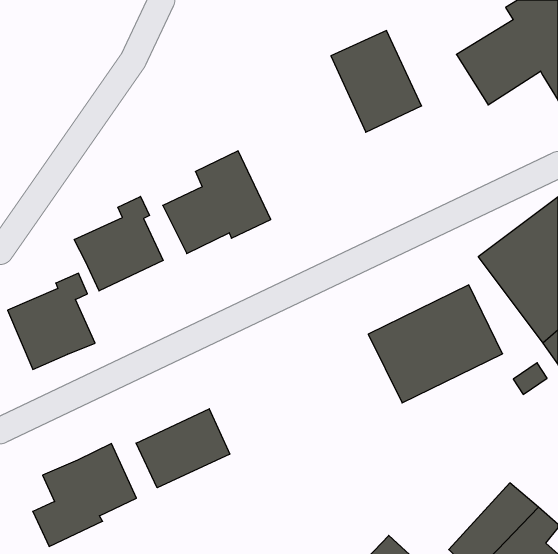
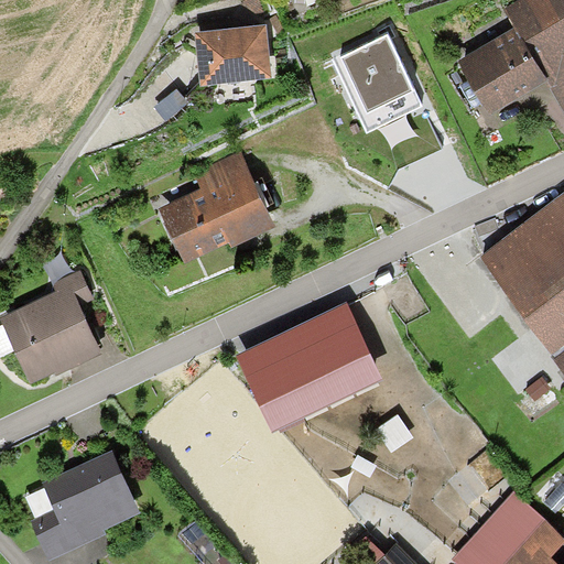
building: none -> [197,22,271,78]
building: [74,196,163,291] -> none
building: [368,285,503,403] -> [243,307,379,426]
building: [136,409,230,488] -> none

